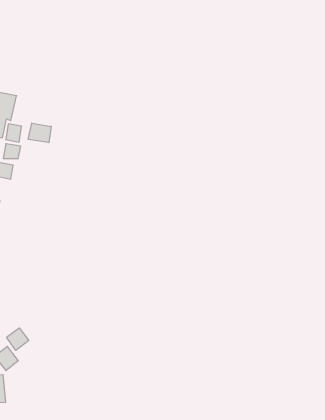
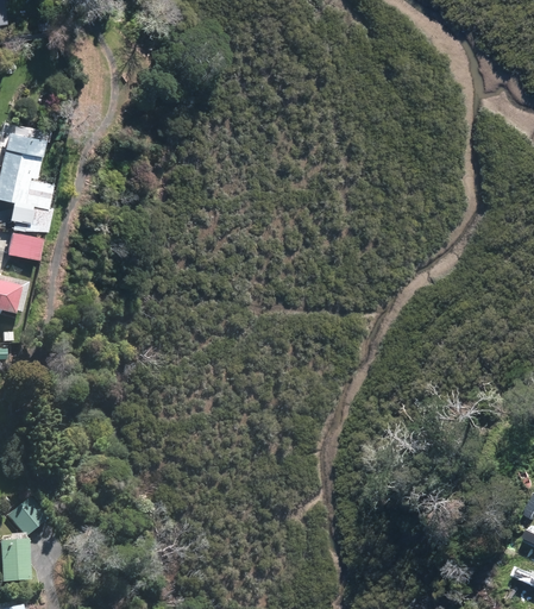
building: [28,123,51,143] -> none
building: [7,328,29,350] -> none

